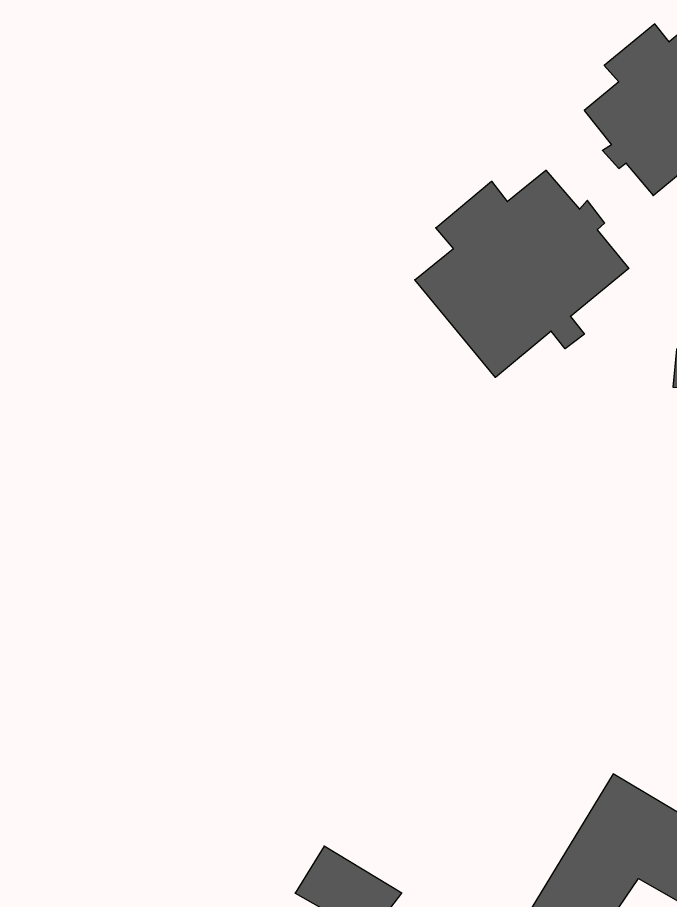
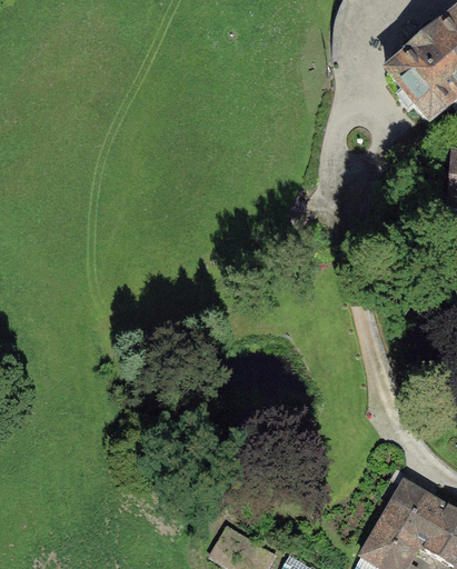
building: [415,170,629,377] -> none

